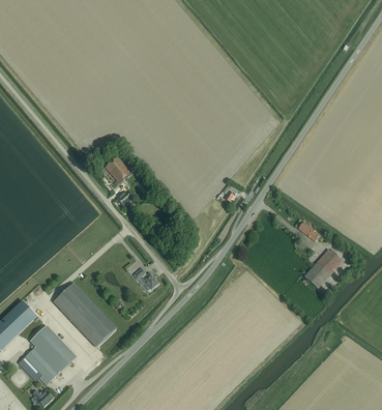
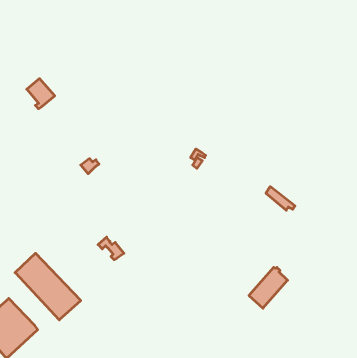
building: [104,156,130,185] -> [27,79,55,109]
building: [303,248,341,288] -> [249,267,288,308]

